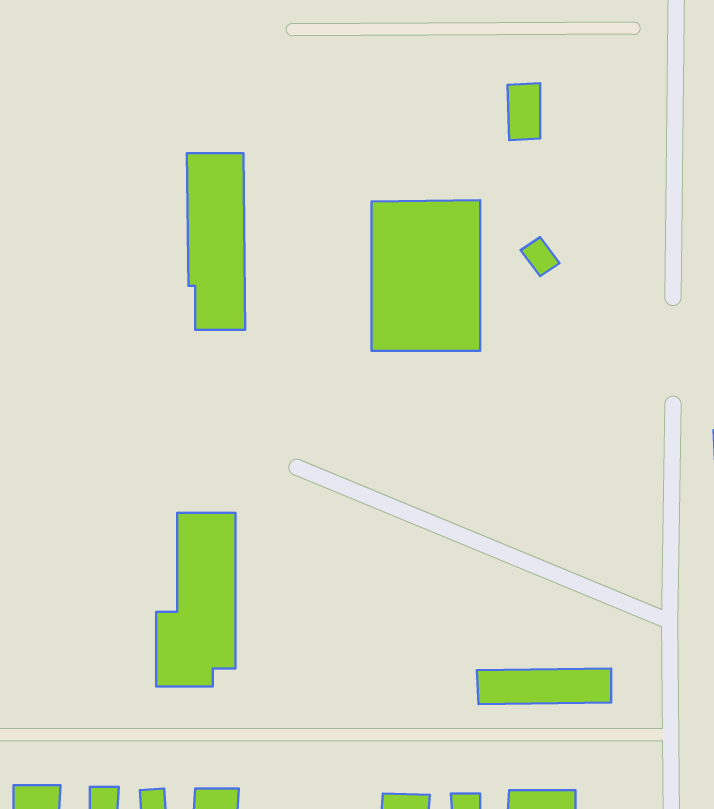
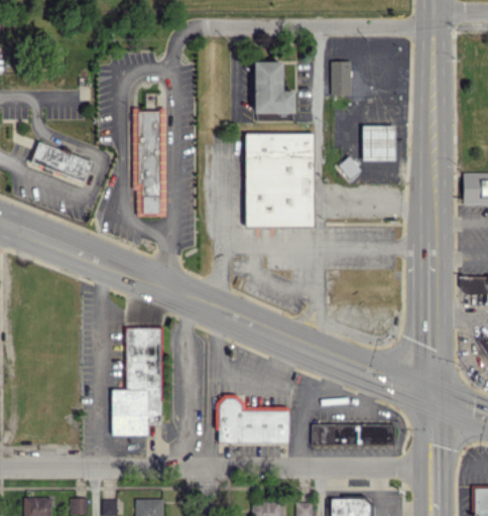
building: none -> [253,61,294,114]
building: none -> [363,126,395,159]
building: none -> [31,143,92,179]
building: none -> [216,396,288,443]

